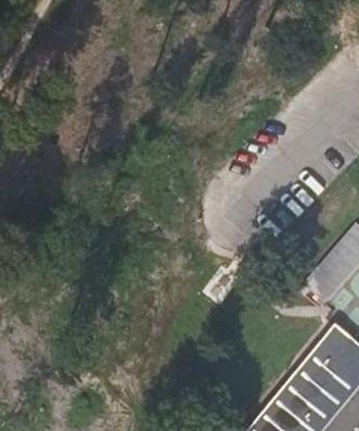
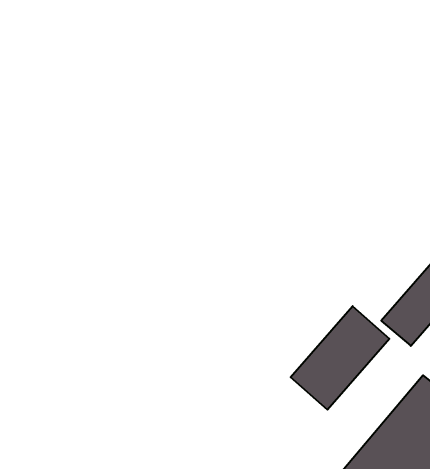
building: none -> [291,306,389,410]

